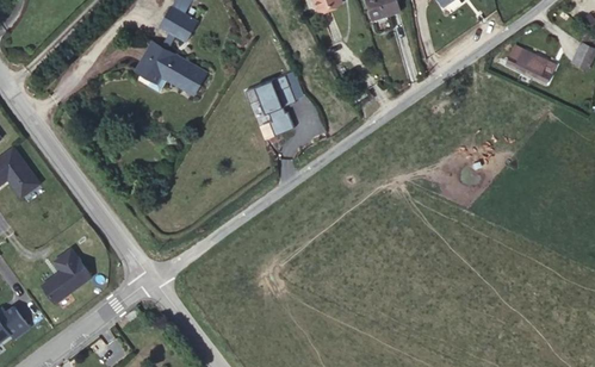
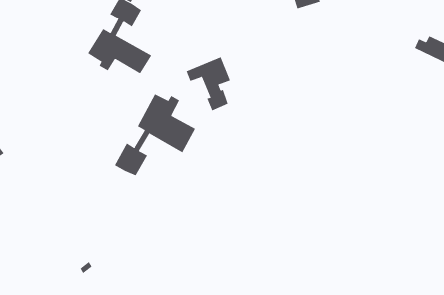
building: none -> [114,93,196,176]
building: [42,249,92,303] -> none

